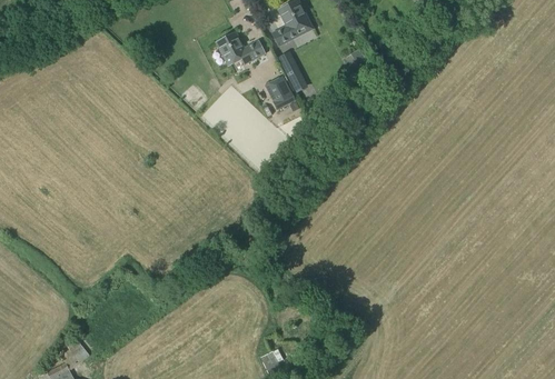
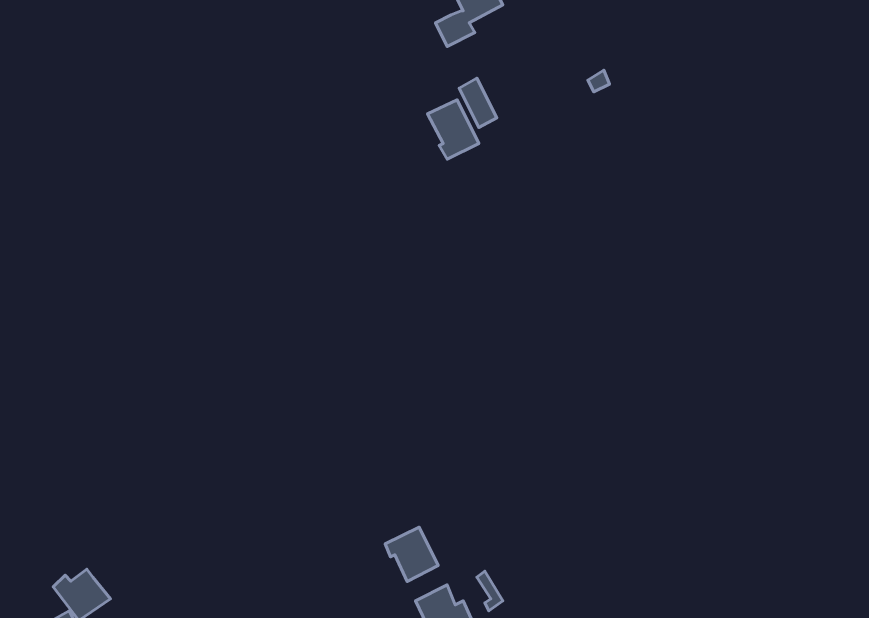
building: [216,31,265,66] -> none
building: none -> [385,527,438,582]

